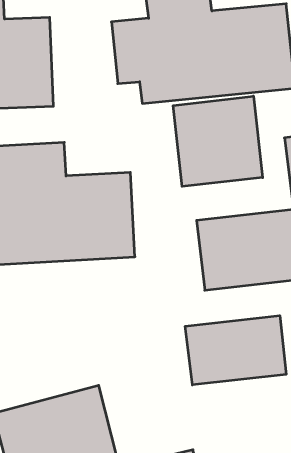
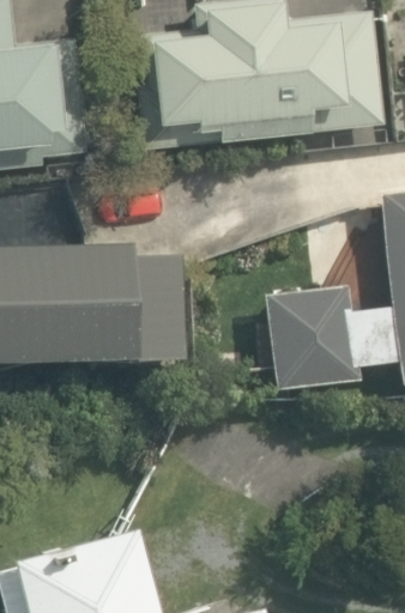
building: [173,96,263,186] -> none
building: [185,316,286,385] -> none

